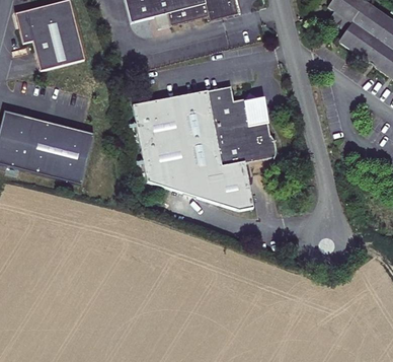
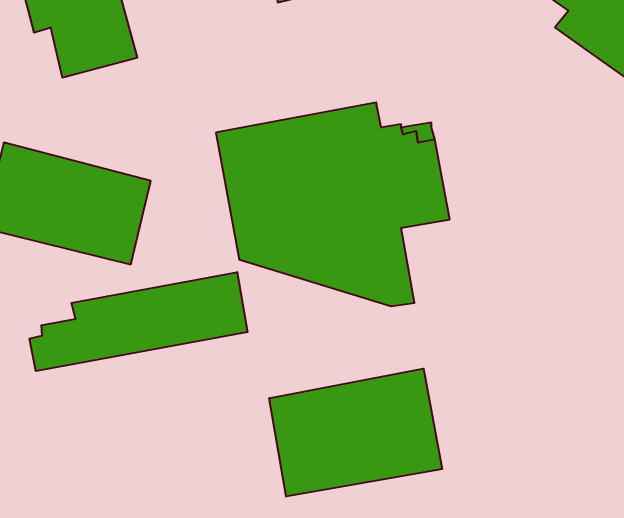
building: none -> [30,272,248,371]
building: none -> [269,369,442,497]

